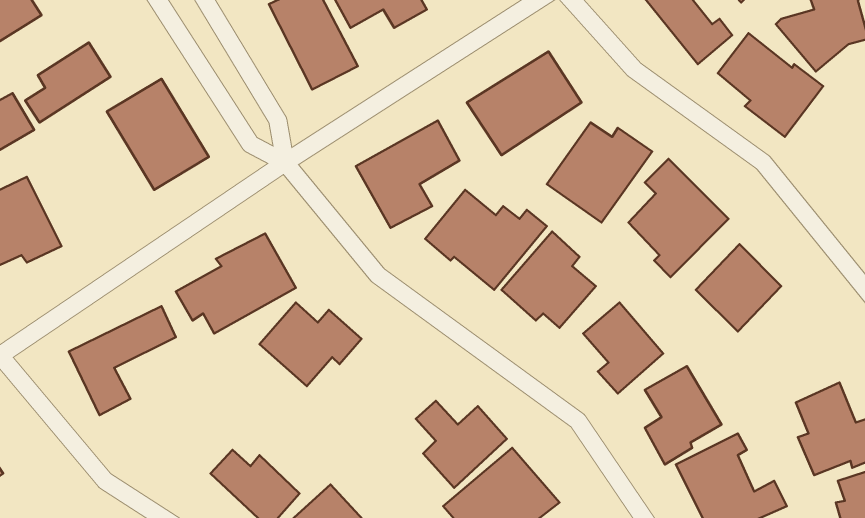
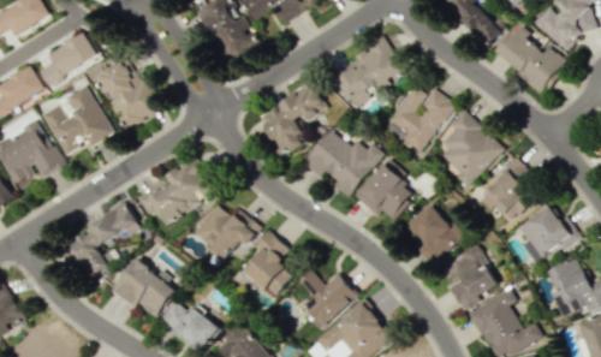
building: none -> [41,85,114,155]
building: none -> [517,207,579,264]
building: none -> [242,231,292,299]
building: none -> [111,258,177,317]

